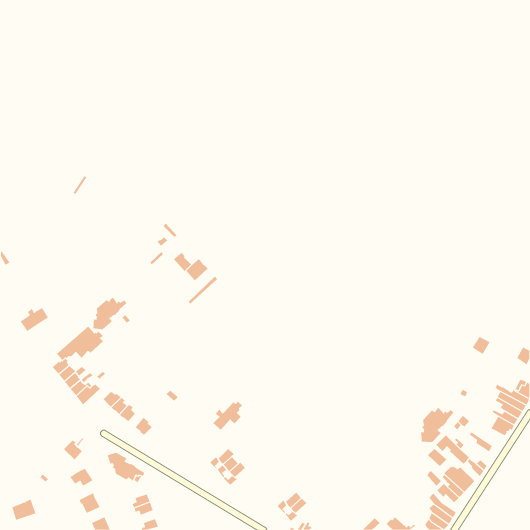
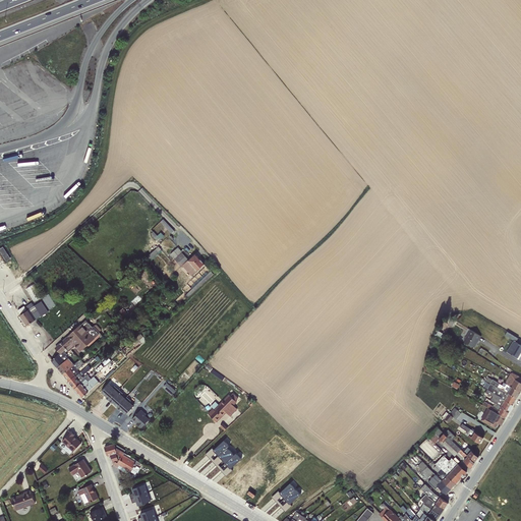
building: [93,297,127,330] -> none
building: [421,407,454,443] -> none

